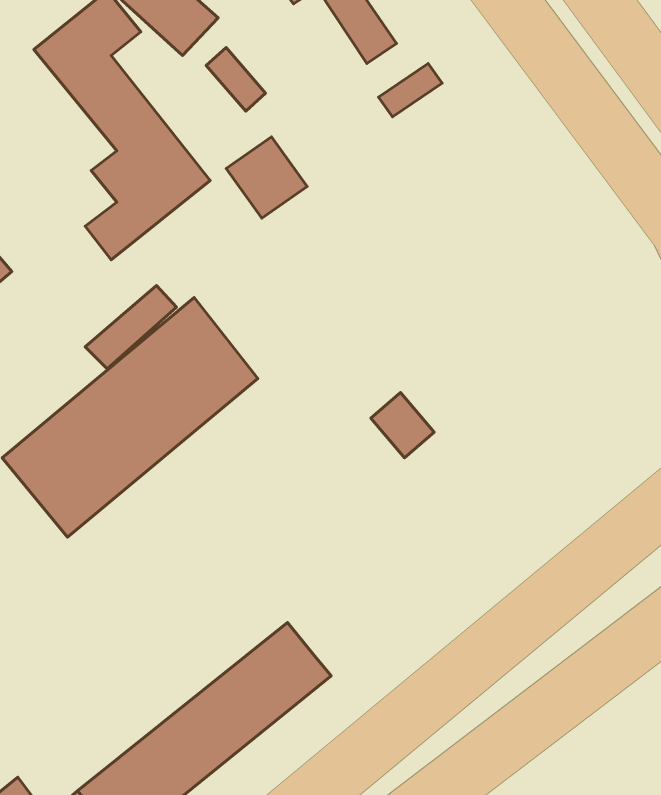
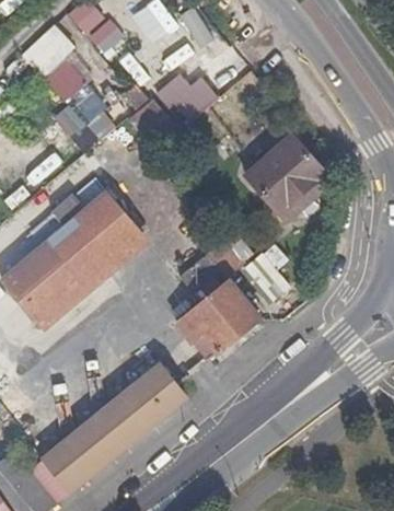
building: none -> [154,74,219,129]
building: none -> [246,135,332,221]
building: none -> [175,283,259,353]

